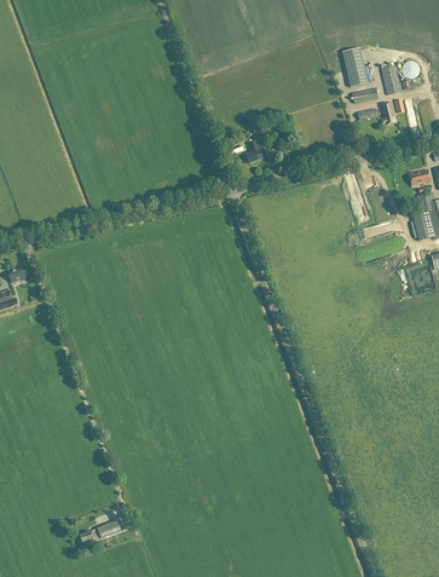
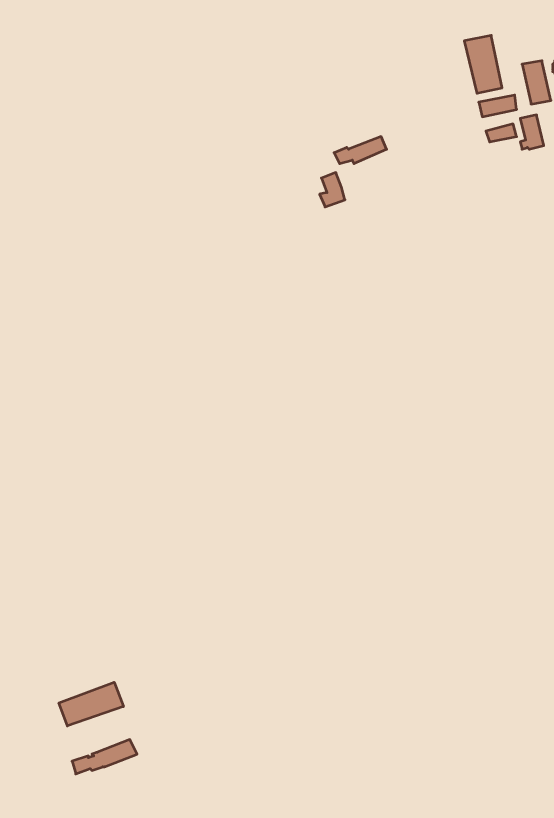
building: none -> [59,682,123,726]

